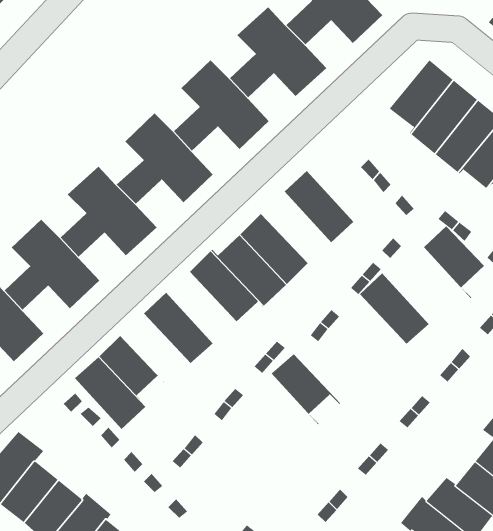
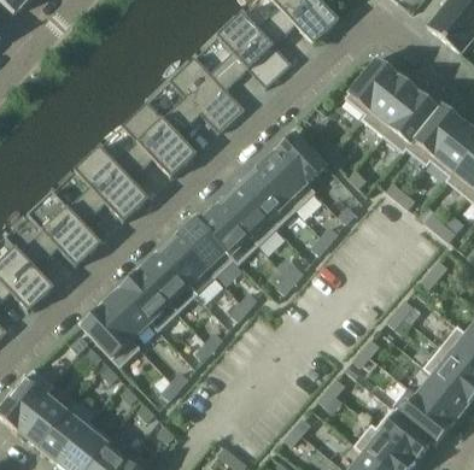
building: [423,226,485,299] -> [275,131,327,193]
building: [359,273,430,344] -> [236,168,295,228]
building: none -> [118,270,177,330]
building: [271,353,341,425] -> [157,235,216,295]

